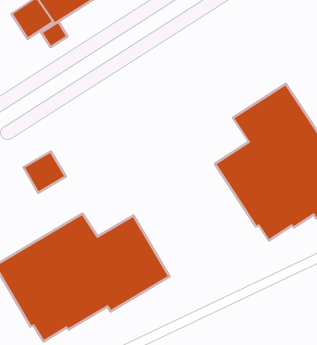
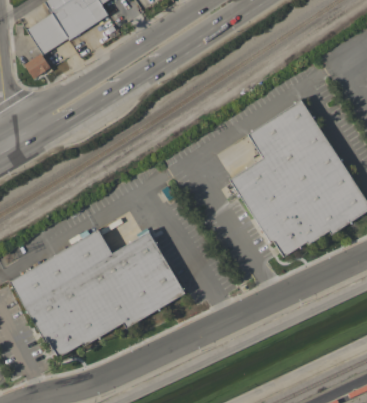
building: [41,21,67,47] -> [24,53,50,79]
building: [24,152,66,193] -> none

